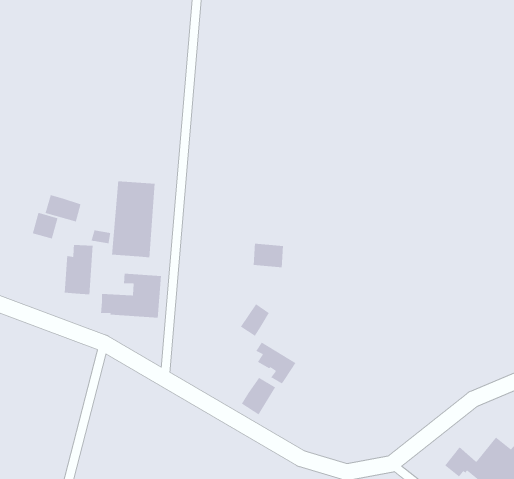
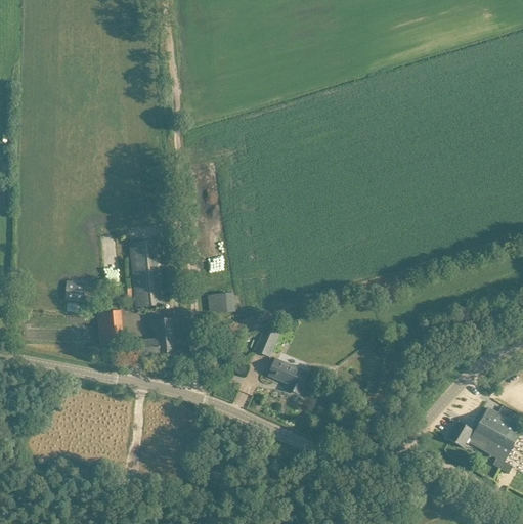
building: [44,194,82,222] -> none
building: [253,243,284,268] -> [207,293,234,314]
building: [241,377,276,415] -> none

